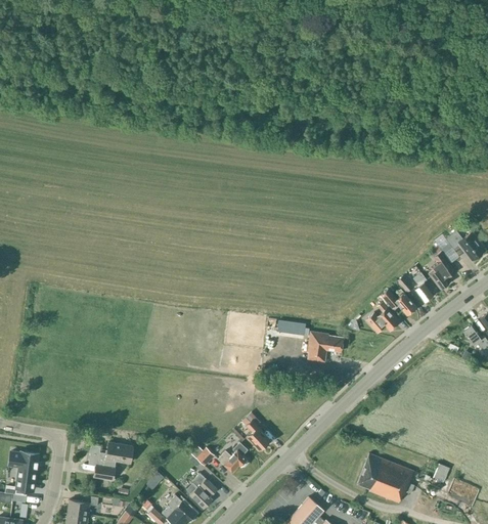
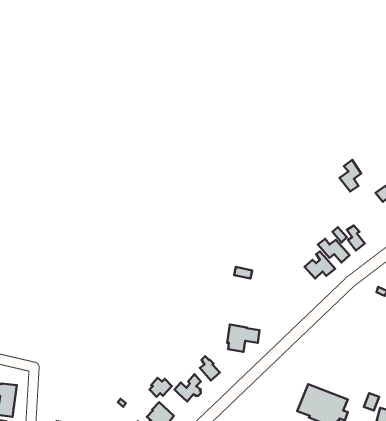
building: [429,251,453,287] -> [339,160,361,191]
building: [307,332,344,362] -> [227,325,260,352]
building: [89,442,133,481] -> none

